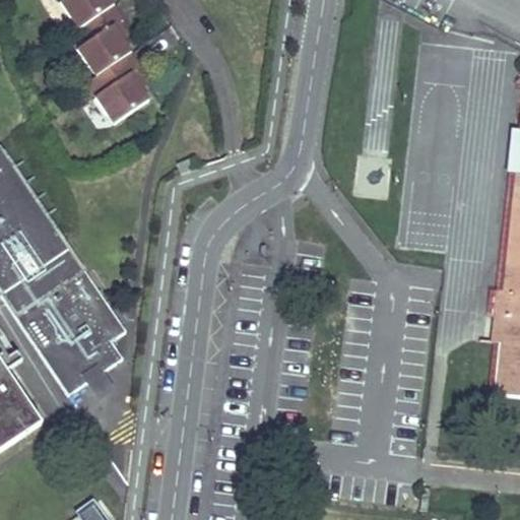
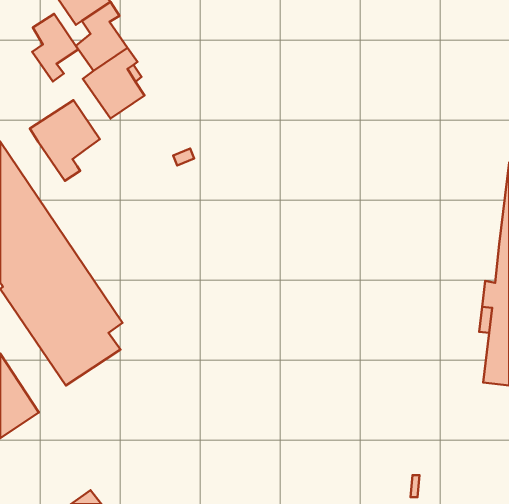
building: none -> [32,14,78,82]
building: none -> [30,100,100,181]

